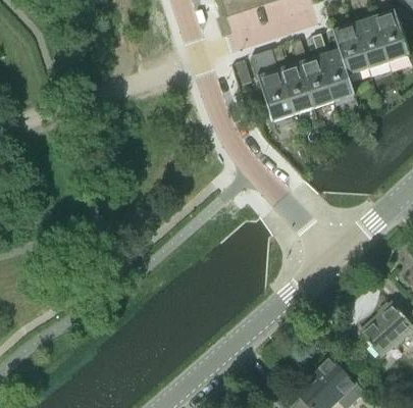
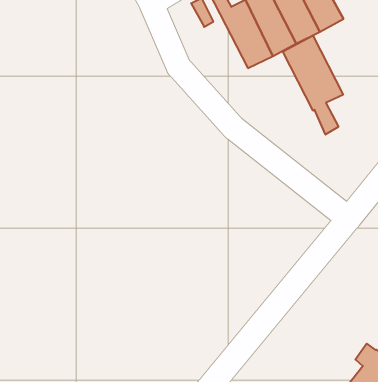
building: none -> [283,35,343,135]

